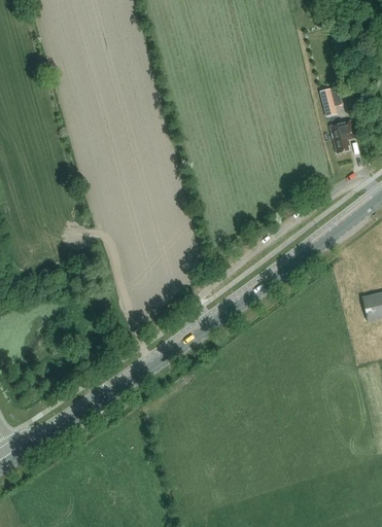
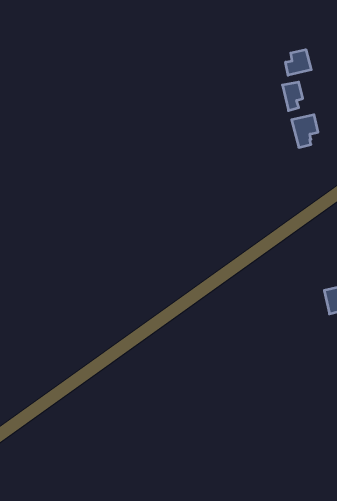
building: none -> [286,50,311,75]

